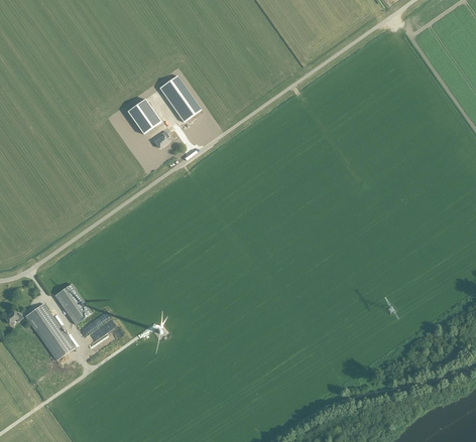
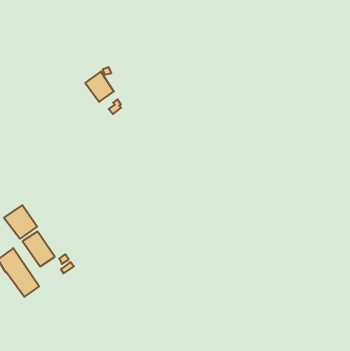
building: [159,76,200,122] -> none
building: none -> [4,205,37,239]

